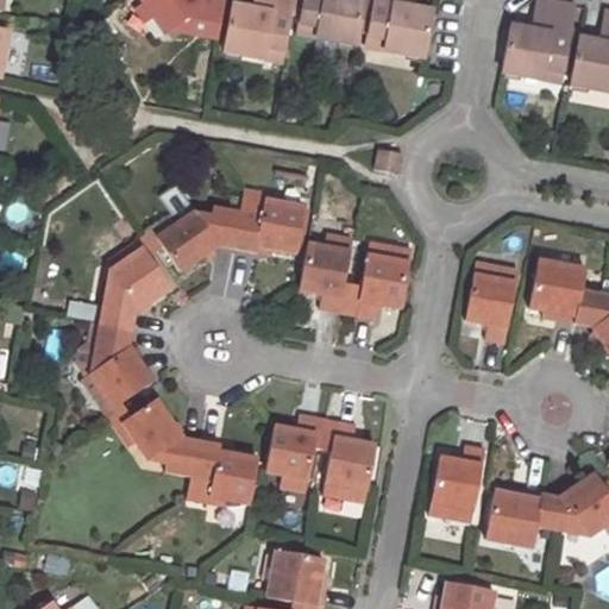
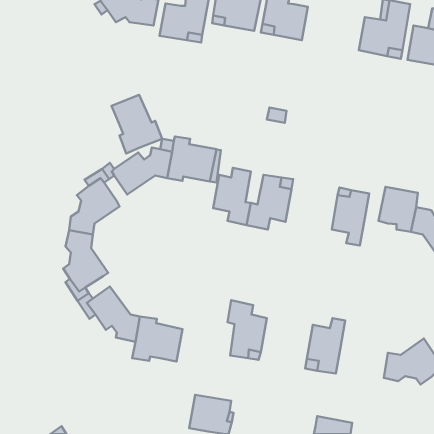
building: none -> [112,95,162,153]
building: [266,414,325,491] -> none
building: [485,490,544,547] -> none

